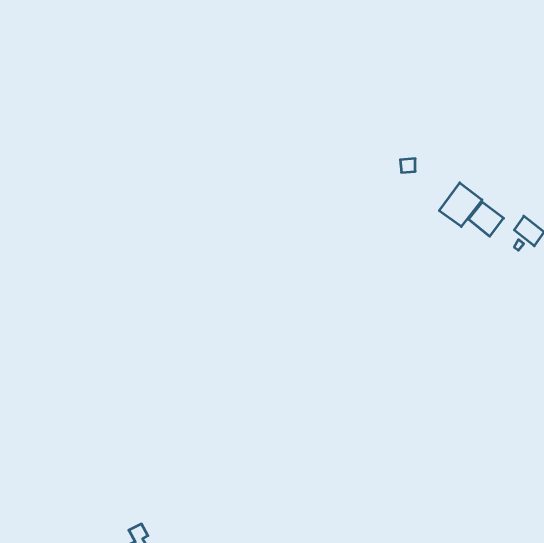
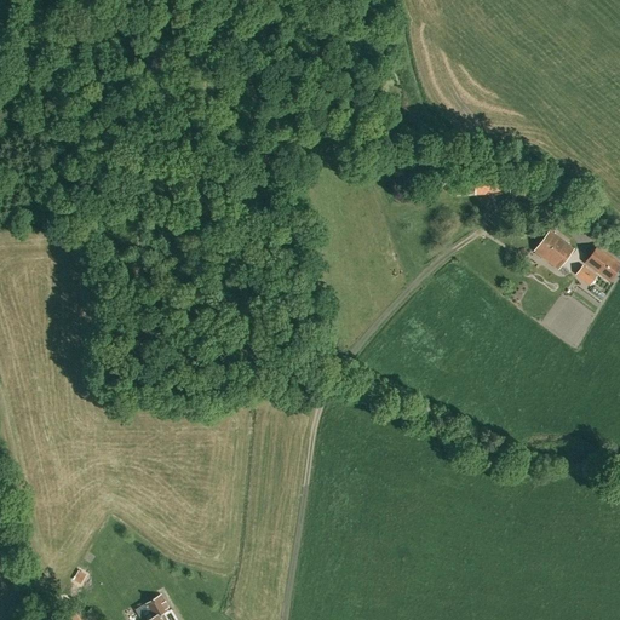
building: [439,183,482,227] -> none

